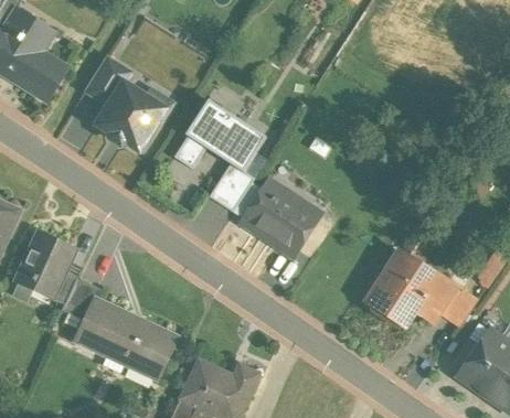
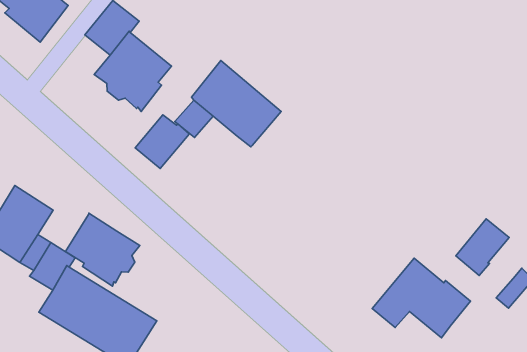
building: [209,164,255,212] -> [135,115,189,168]
building: [244,189,320,250] -> none
building: none -> [456,219,509,276]
building: none -> [65,213,140,286]
building: [437,286,477,325] -> none

